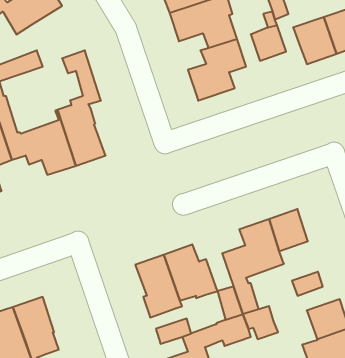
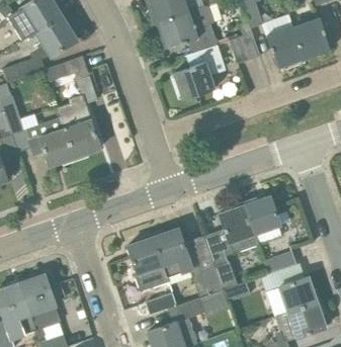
building: none -> [36,16,78,57]

